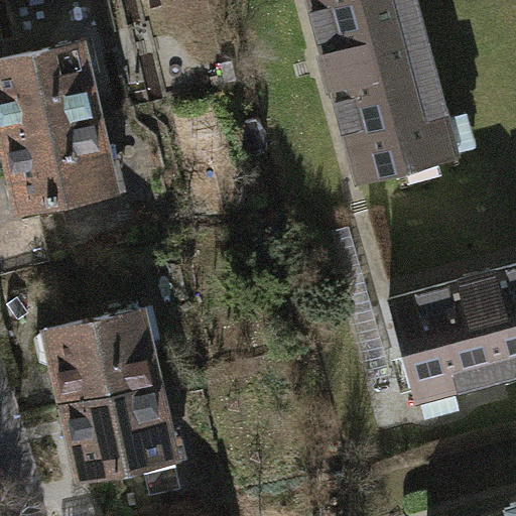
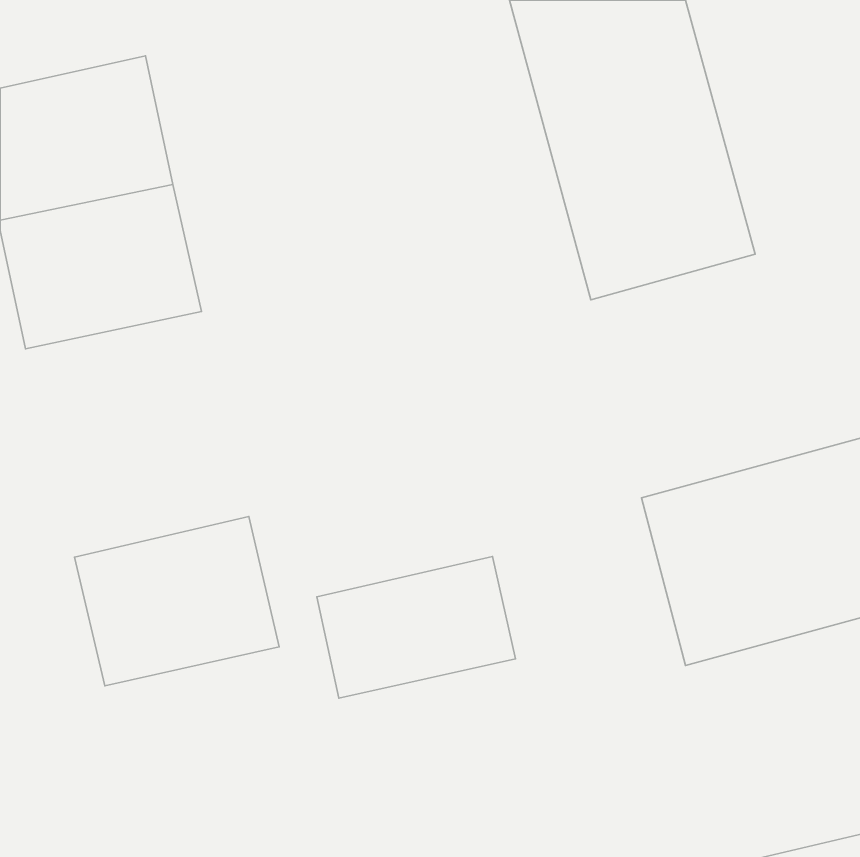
building: none -> [317,556,515,698]
building: [66,390,186,491] -> none

